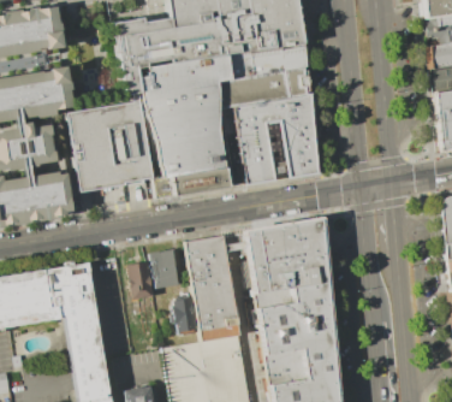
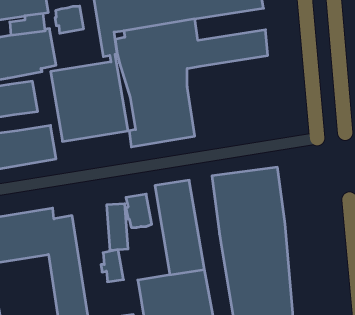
building: none -> [55,6,83,33]
building: [228,42,308,78] -> none
building: [234,95,320,183] -> none
building: [173,298,198,335] -> [101,250,124,282]

